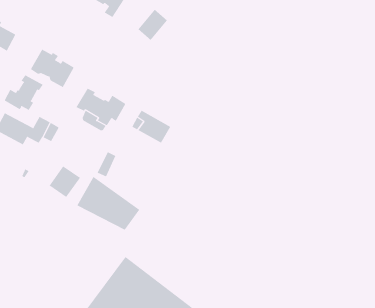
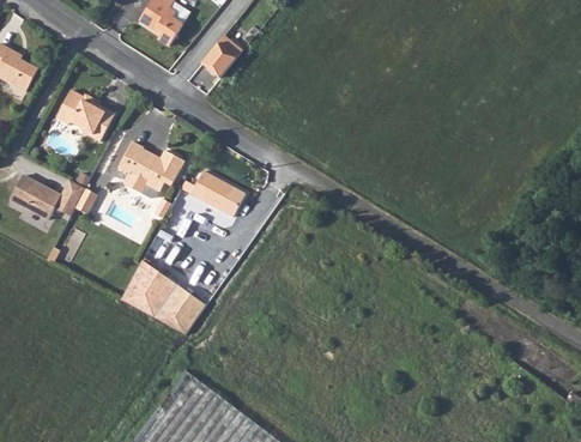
building: [4,74,43,110] -> none
building: [49,165,81,198] -> none

